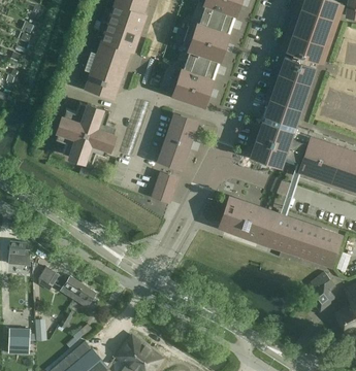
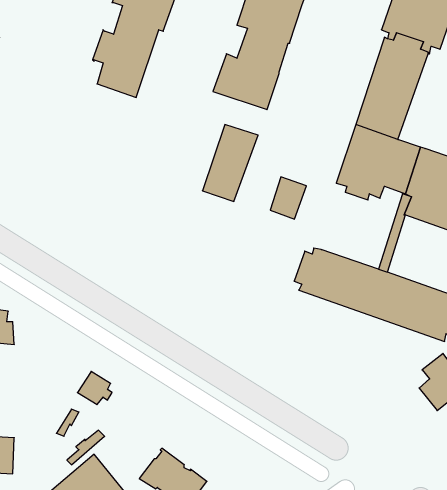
building: [56,102,116,163] -> none
building: [153,173,177,202] -> [270,177,306,219]
building: [45,270,83,299] -> none

